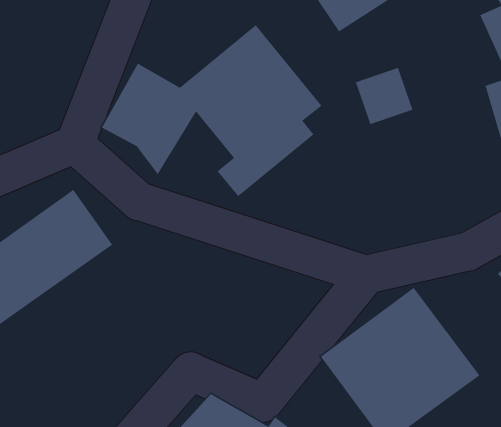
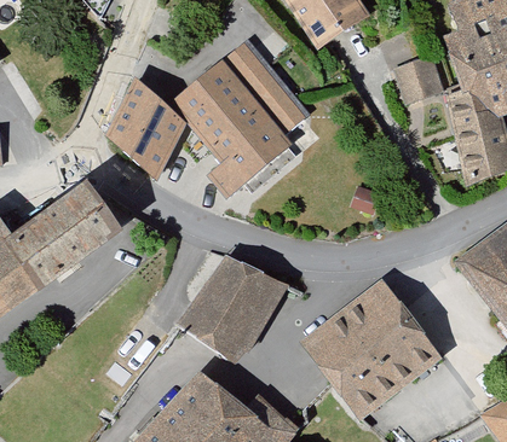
building: [355,67,413,125] -> [390,56,442,107]
building: none -> [179,245,289,361]

